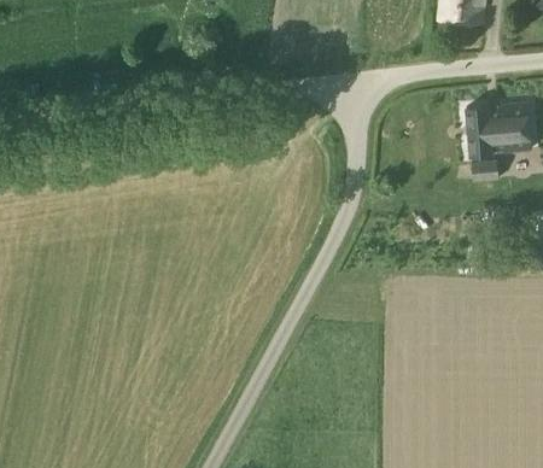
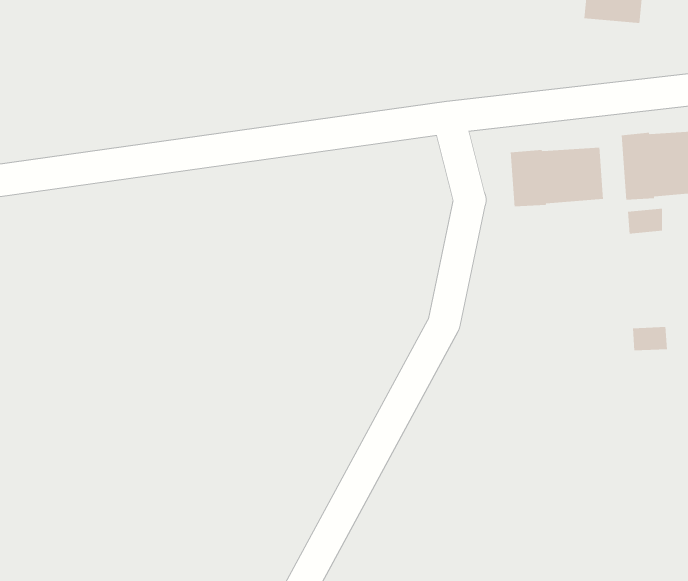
building: none -> [510,147,604,207]

